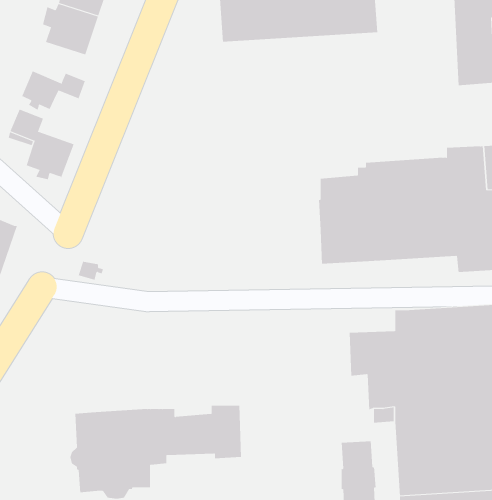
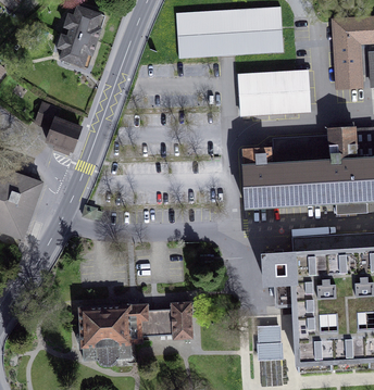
building: none -> [238,71,309,114]
building: [21,70,86,111] -> none

